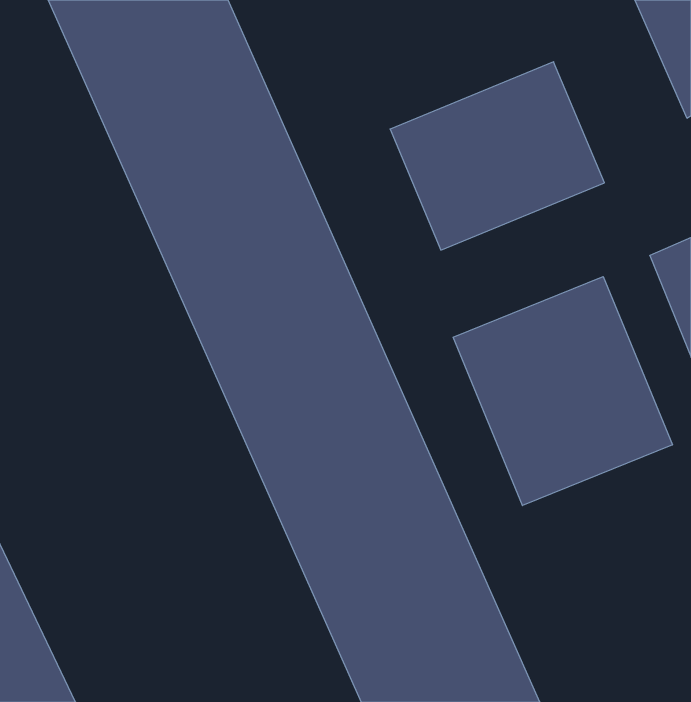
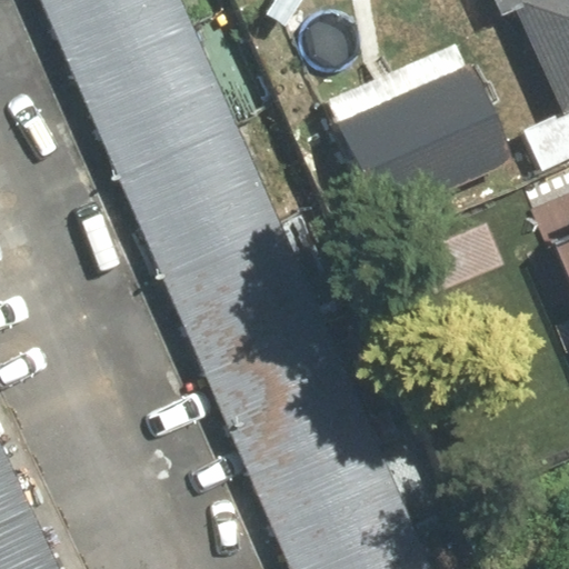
building: [453,277,672,506] -> none

